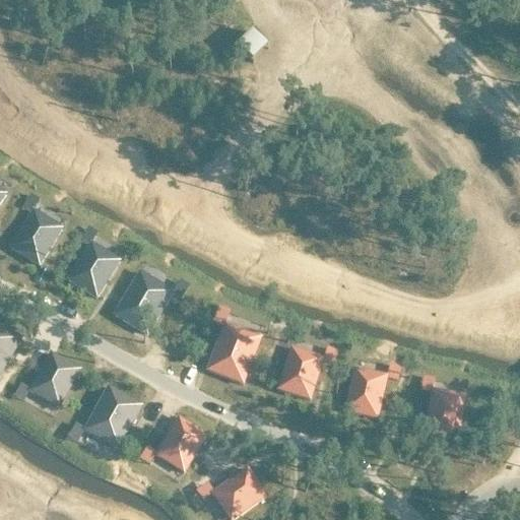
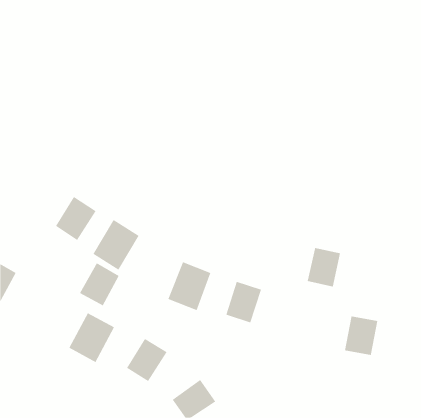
building: [10,209,61,263] -> none
building: [29,351,79,405] -> [79,263,120,306]
building: [344,368,386,416] -> [307,247,341,287]

